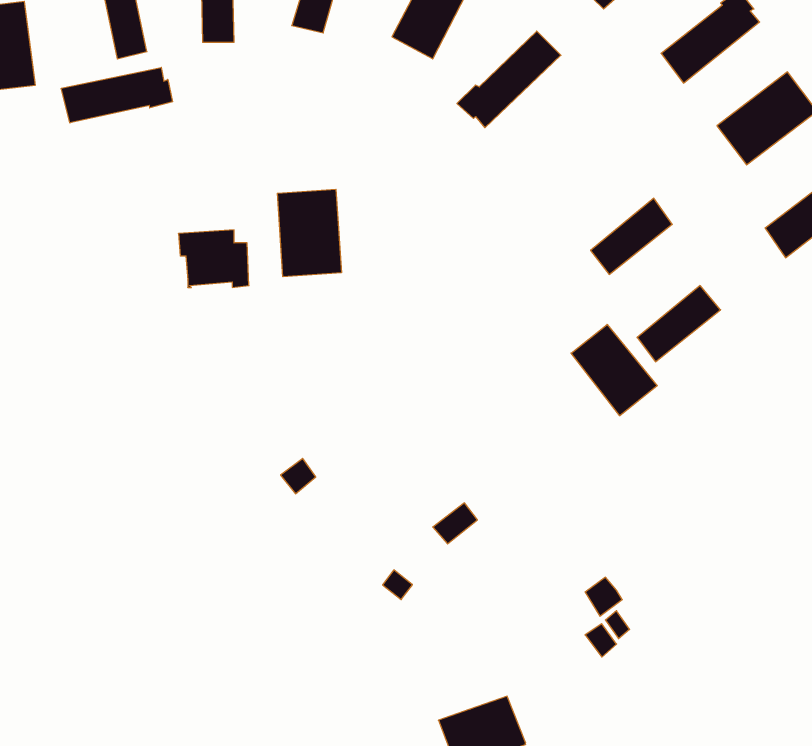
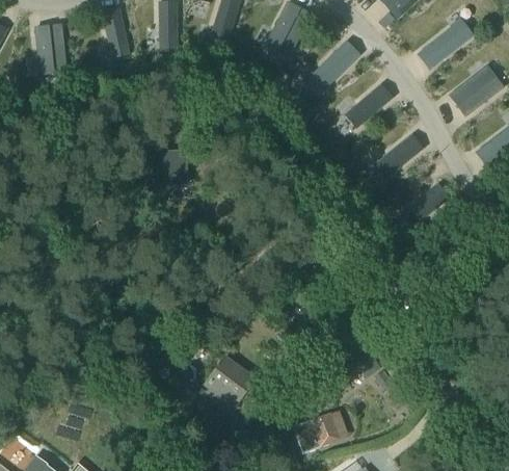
building: [61,67,173,123] -> none
building: none -> [346,84,393,127]
building: [277,189,341,277] -> none
building: [571,324,657,416] -> none
building: none -> [210,358,254,404]

